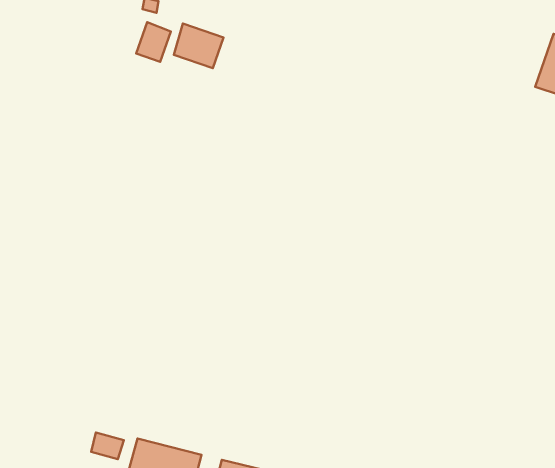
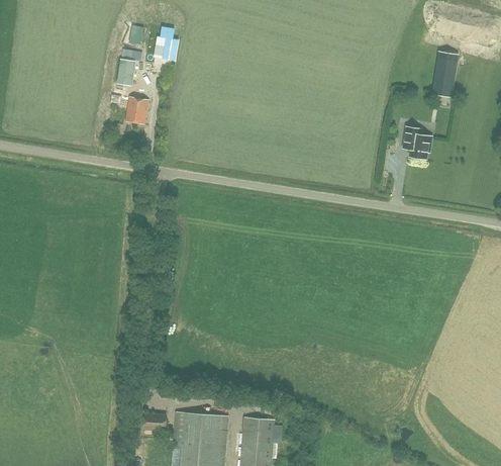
building: [174,24,223,68] -> none
building: none -> [403,127,431,160]

